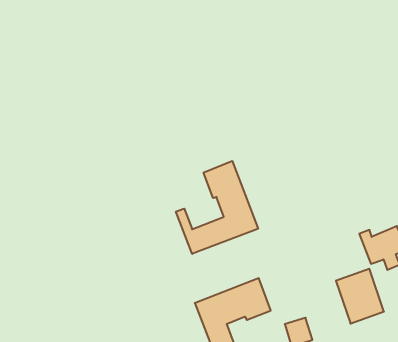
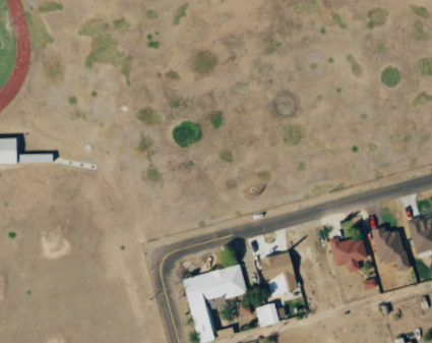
building: [176,161,258,254] -> none
building: [336,269,384,324] -> [261,251,298,295]

